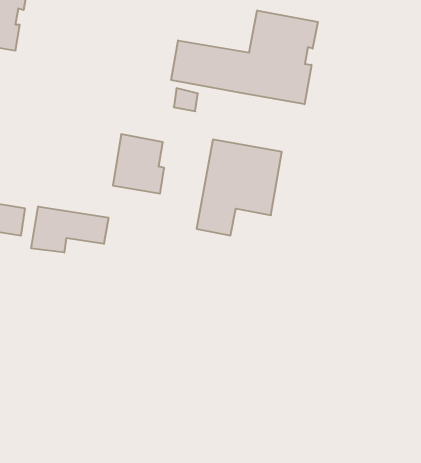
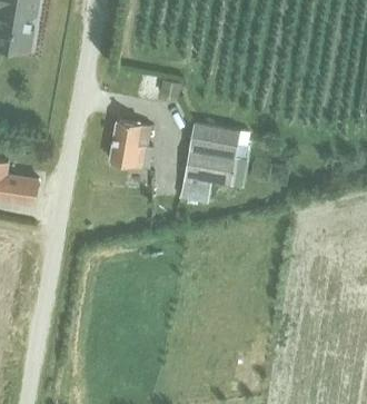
building: [171,10,318,104] -> none
building: [31,206,108,253] -> none

